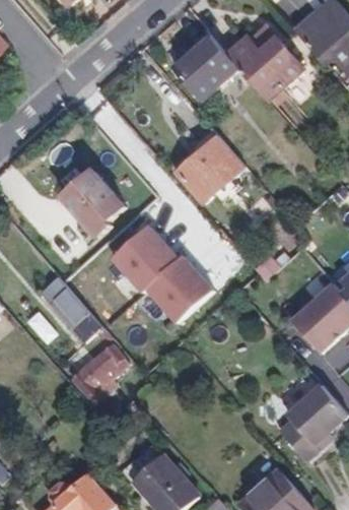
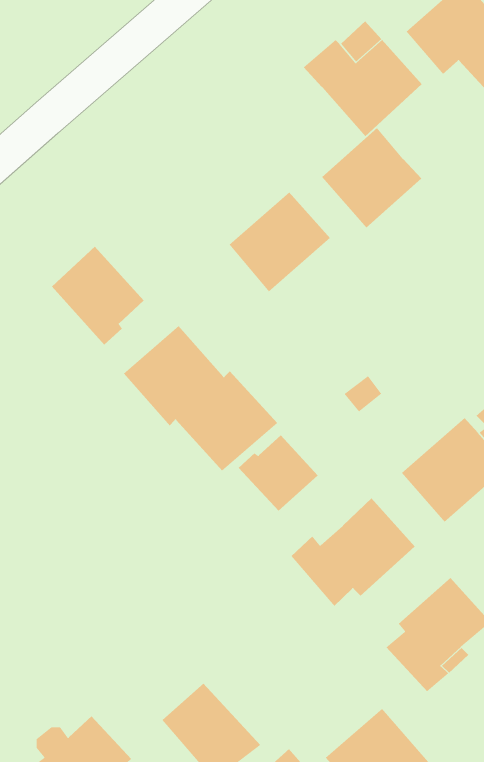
building: [172,34,238,100] -> [321,127,422,228]
building: [38,274,100,331] -> none
building: none -> [238,435,318,511]
building: none -> [291,497,415,607]
building: [72,344,127,396] -> none

